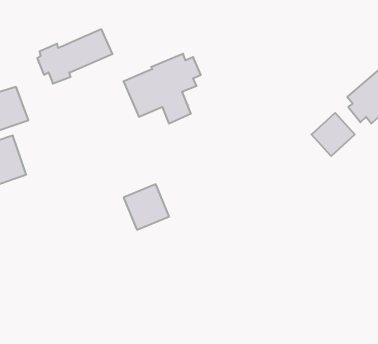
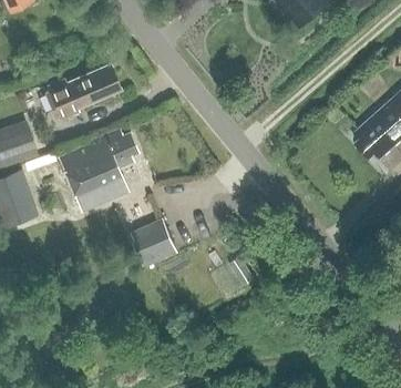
building: [123,54,201,124] -> [60,131,137,201]
building: [311,113,355,156] -> none

